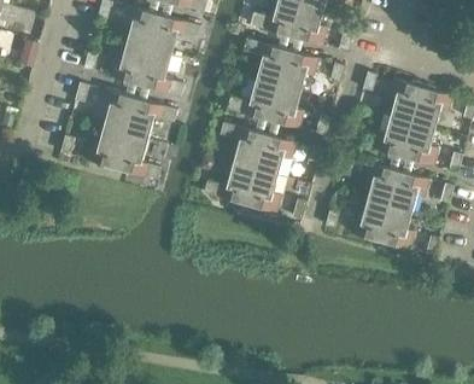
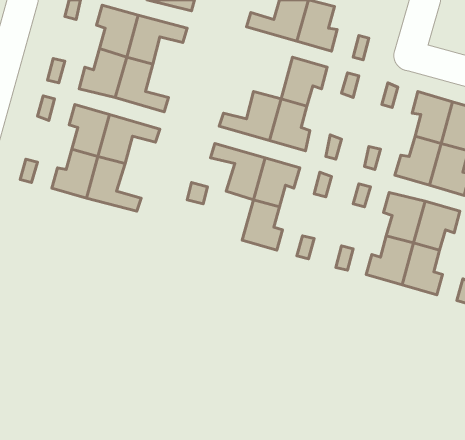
building: [245,39,289,85] -> none
building: [205,162,257,203] -> none

